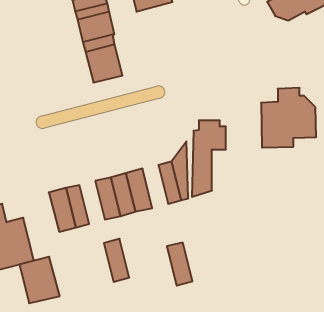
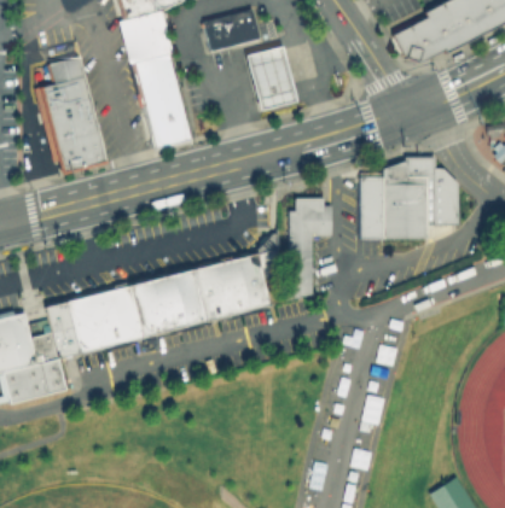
building: none -> [246,43,295,106]
building: none -> [34,52,106,170]
building: none -> [358,174,383,237]
building: [104,239,129,282] -> [132,281,167,340]
building: [167,243,192,286] -> [219,259,254,319]
building: [19,257,60,303] -> [48,297,104,361]

